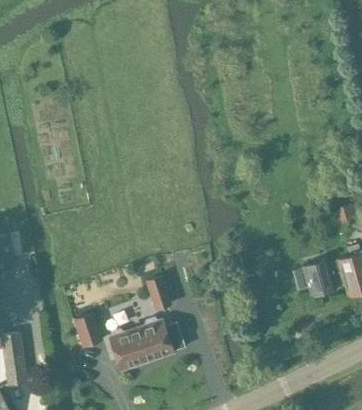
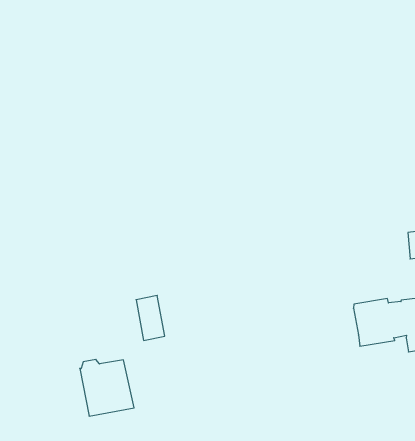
building: [71,314,99,347] -> none
building: [140,318,185,361] -> none

